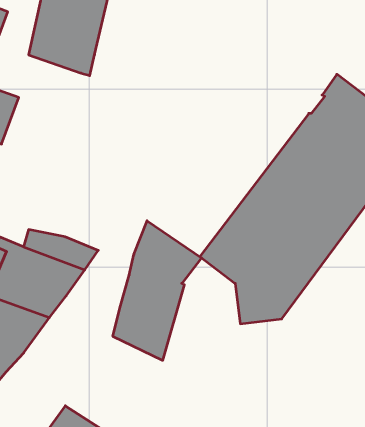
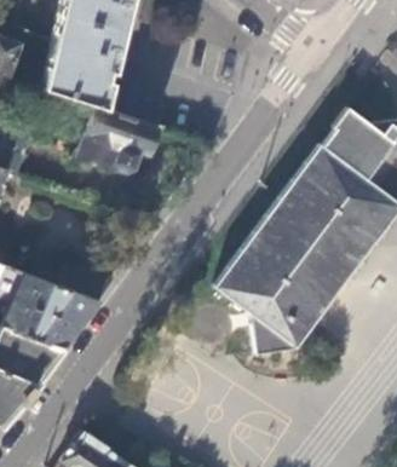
building: none -> [77,106,159,174]
building: [113,221,202,360] -> none

